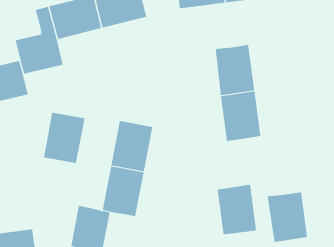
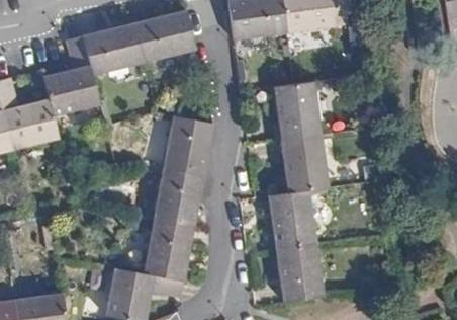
building: [43,112,85,164] -> [163,115,212,175]
building: [267,192,308,242] -> [268,189,315,248]

